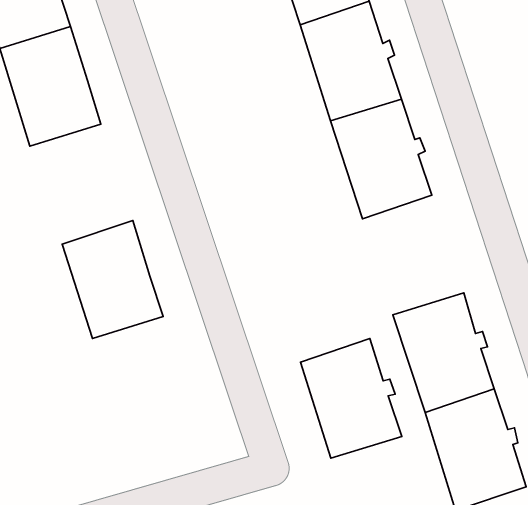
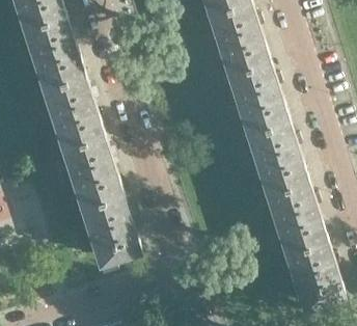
building: none -> [43,79,106,153]
building: none -> [81,197,143,271]
building: [300,339,402,458] -> [247,123,309,196]

